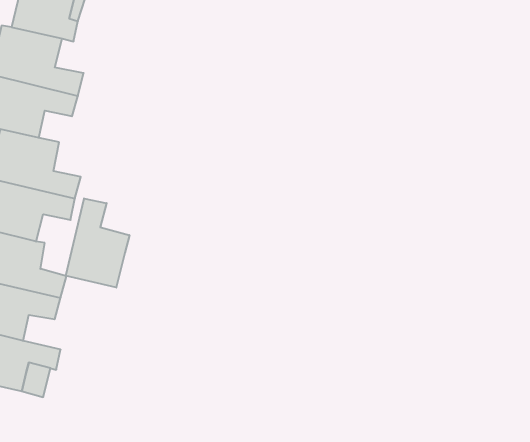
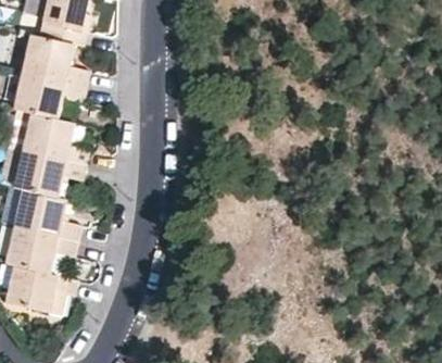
building: [66,198,129,288] -> none

